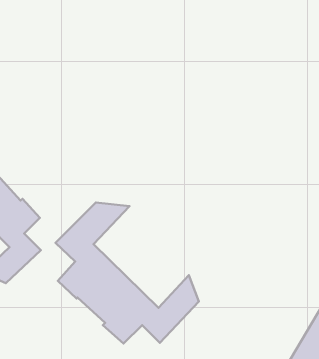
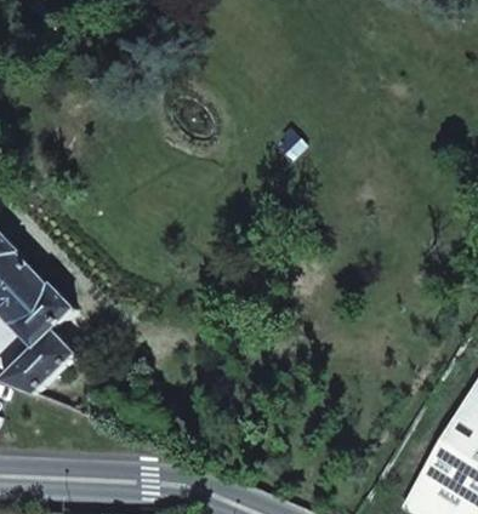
building: [56,203,199,344] -> none

